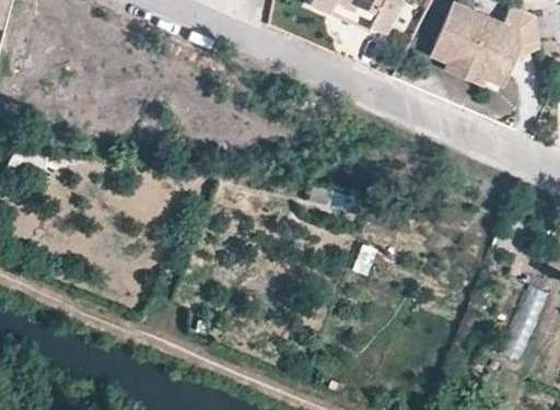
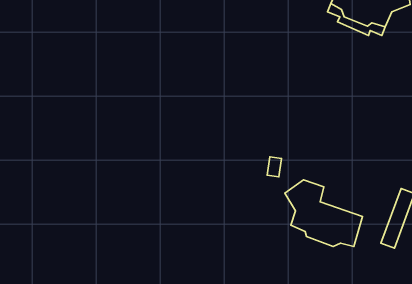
building: none -> [285,180,363,247]

